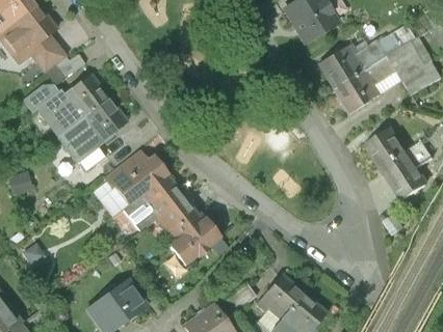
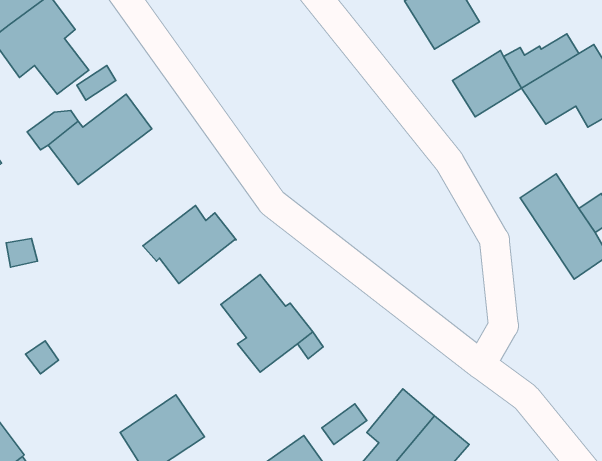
building: [334,67,383,112] -> none
building: [59,95,128,169] -> none
building: [123,172,185,230] -> none

